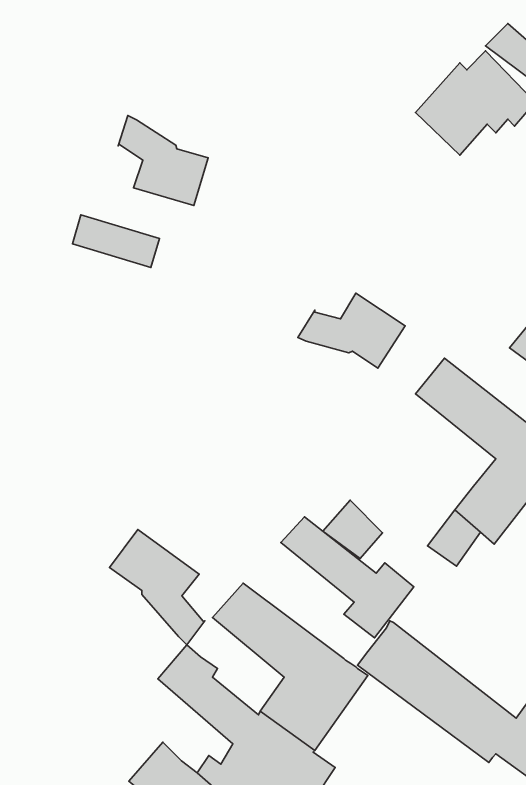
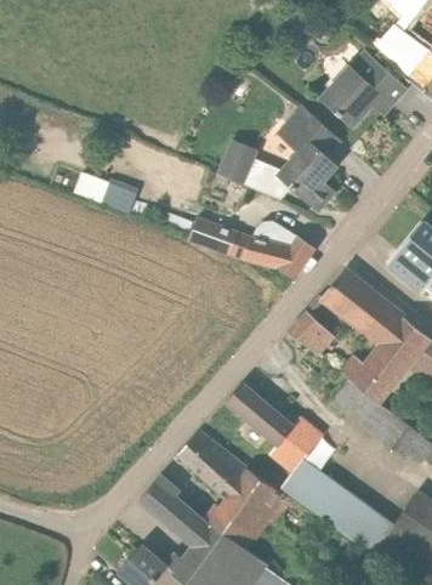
building: [118,115,208,206] -> none
building: none -> [217,110,340,210]
building: none -> [188,217,250,256]
building: [323,500,382,558] -> [289,312,331,353]
building: [110,530,205,645] -> none

